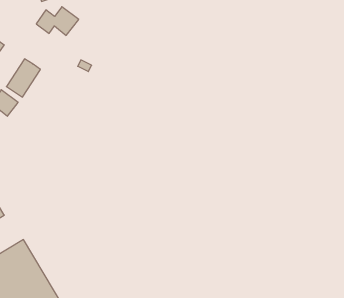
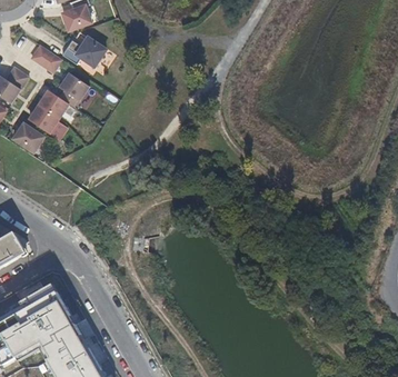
building: none -> [30,42,61,71]
building: none -> [57,75,86,103]

